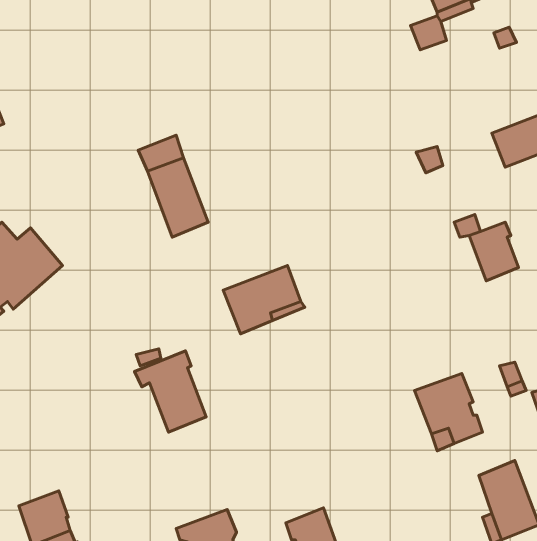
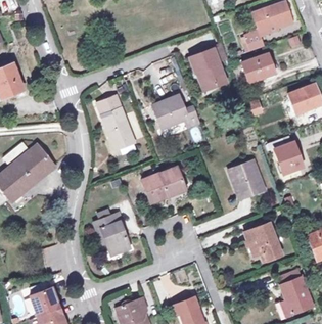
building: none -> [189,47,226,86]
building: none -> [242,55,274,84]
building: none -> [151,95,199,128]
building: none -> [233,159,265,198]

